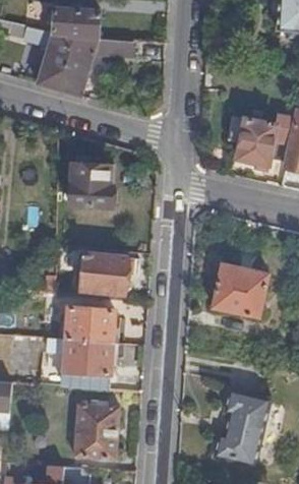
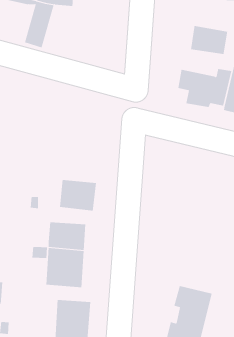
building: [59,36,133,96] -> none
building: none -> [191,25,228,55]
building: [70,162,114,206] -> none
building: [212,262,268,316] -> none

